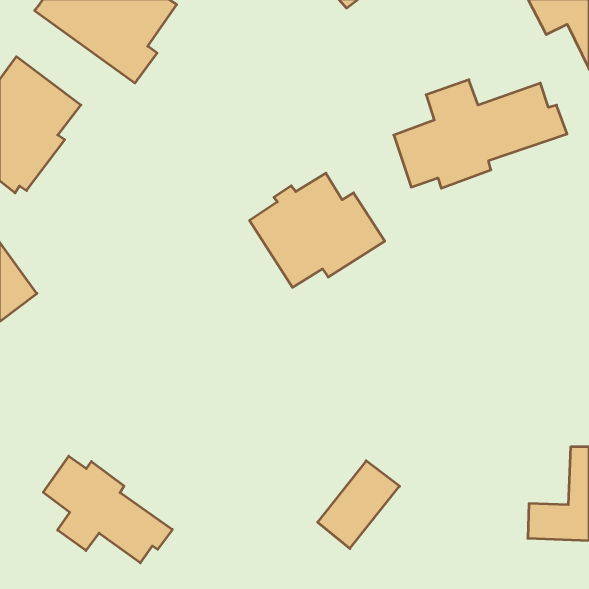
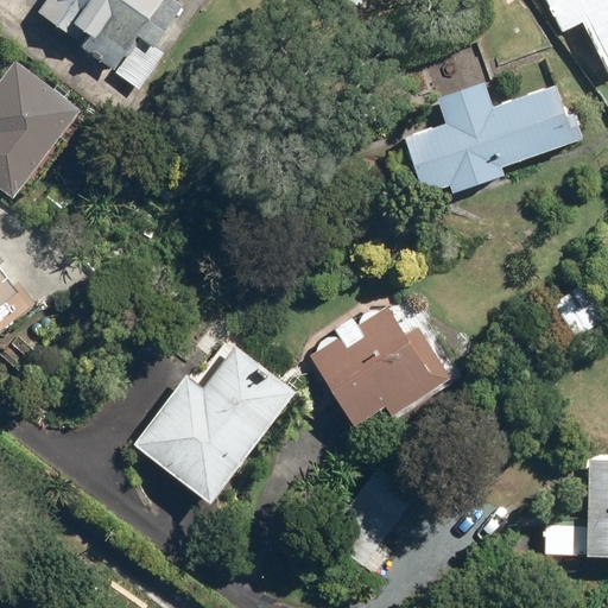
building: [250,173,385,287] -> [310,306,449,424]
building: none -> [134,347,293,501]
building: [43,456,172,563] -> none

